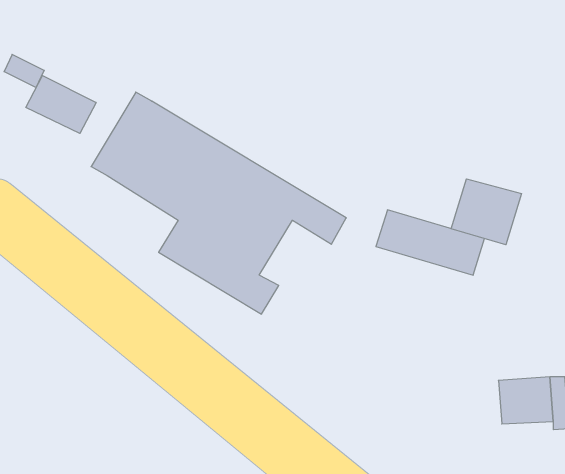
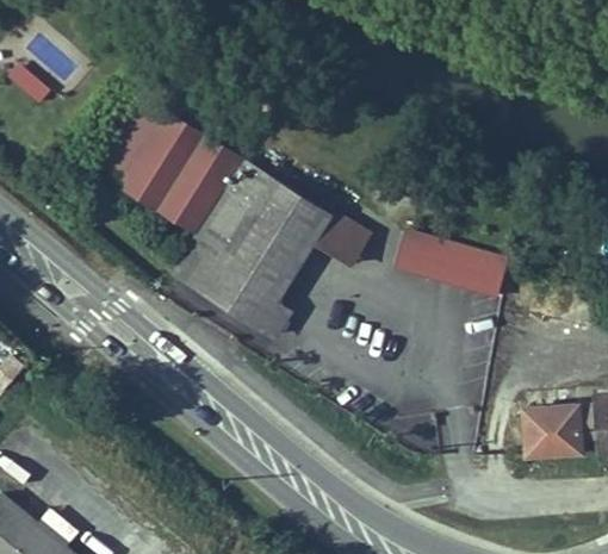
building: [26,76,96,133] -> none
building: [451,179,521,245] -> none

